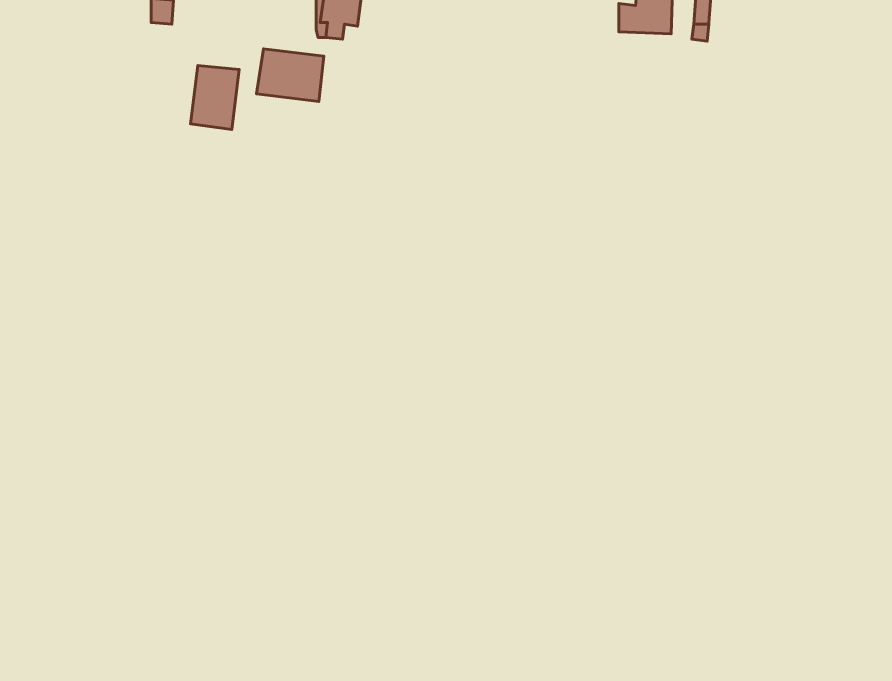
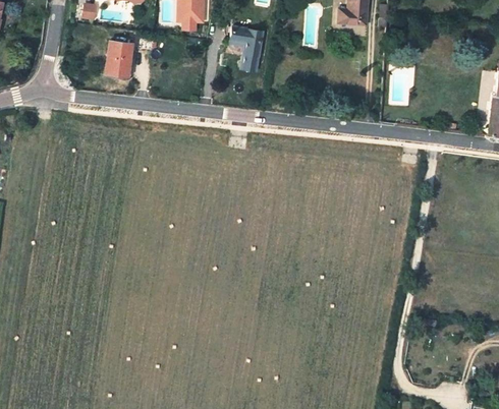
building: none -> [231,26,263,71]
building: [256,49,324,101] -> none

